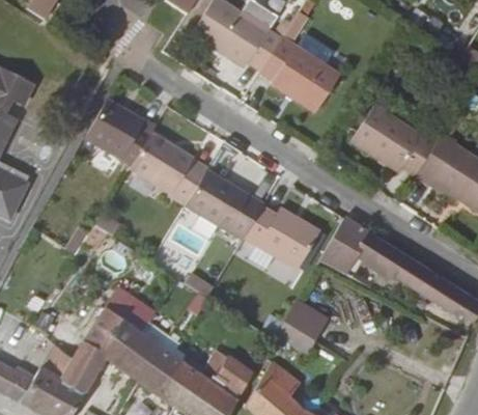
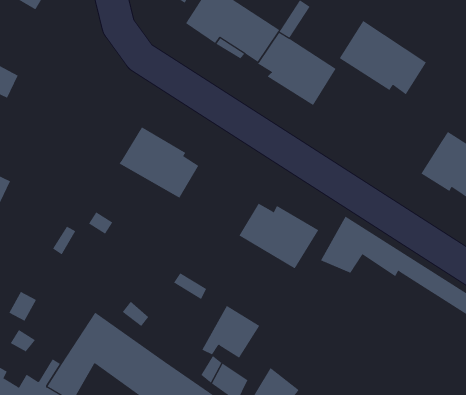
building: [84,99,153,164] -> none
building: [352,105,435,176] -> [339,20,427,95]
building: [184,169,262,239] -> none
building: [273,300,329,351] -> [201,305,260,359]

